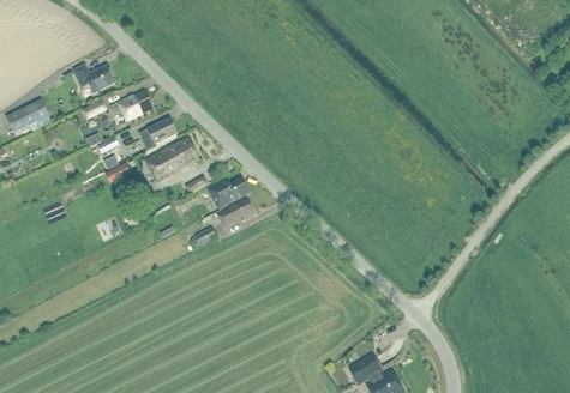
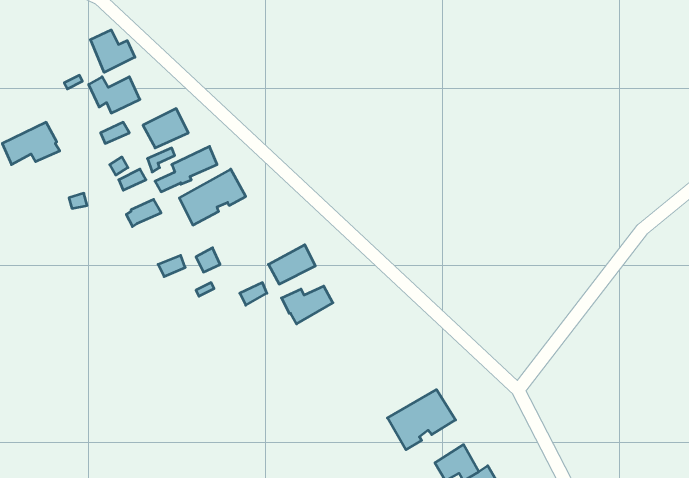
building: none -> [90,30,135,72]
building: [208,177,248,207] -> [281,286,333,324]
building: none -> [387,390,456,450]

